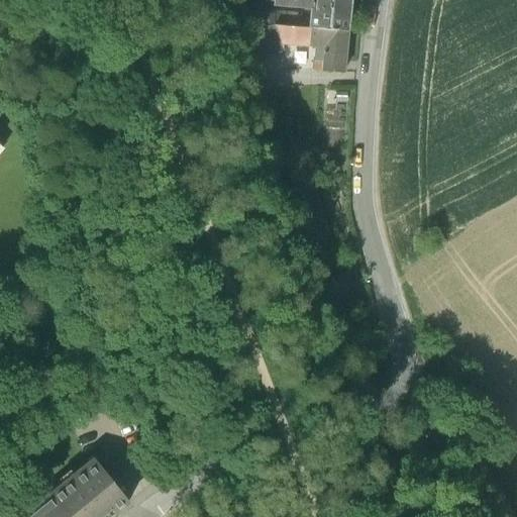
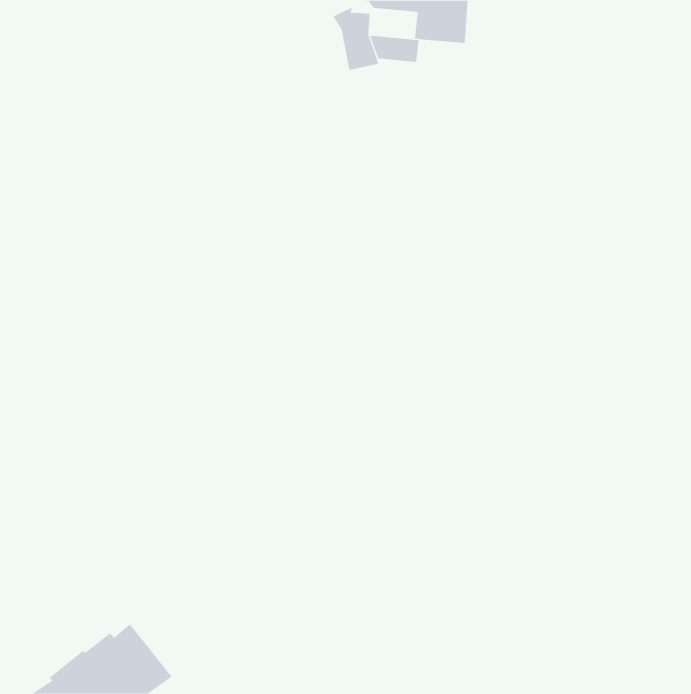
building: [312,29,348,73] -> none

